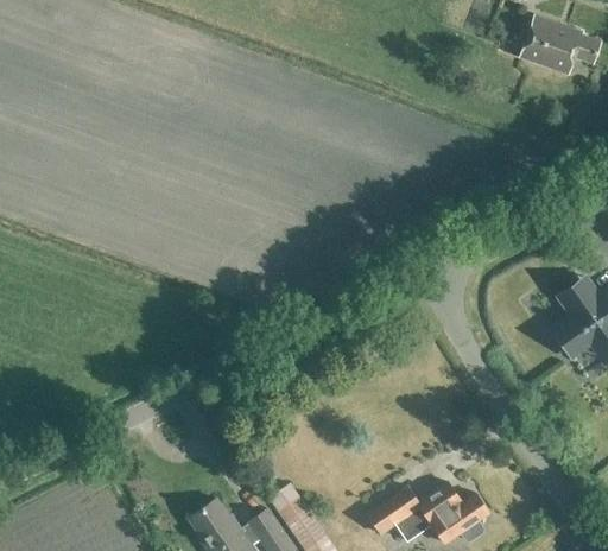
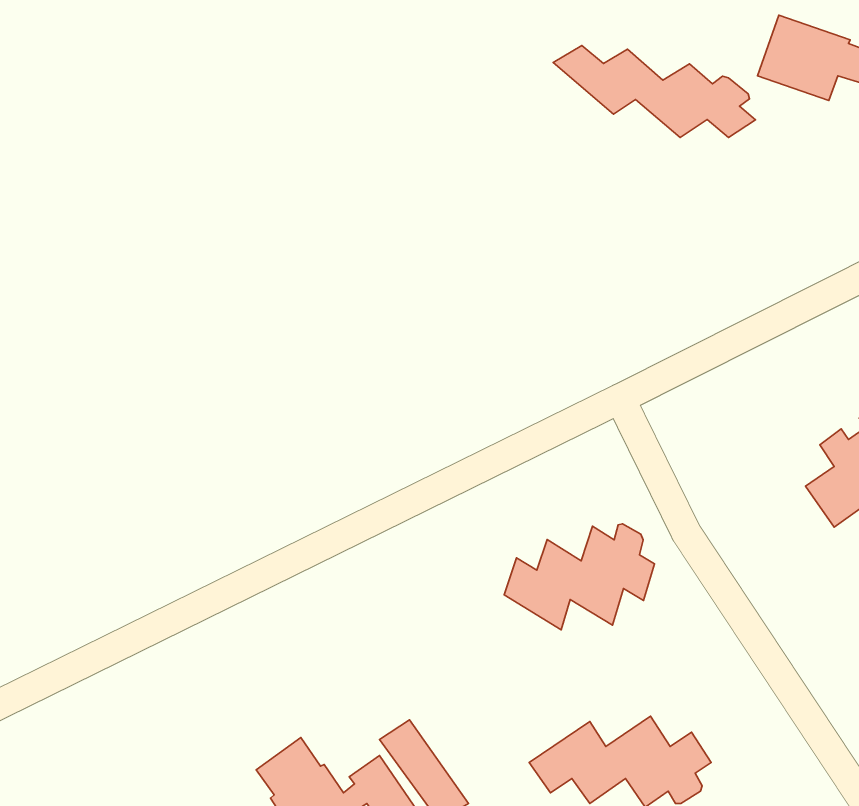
building: none -> [553,45,755,138]
building: none -> [504,524,655,630]

